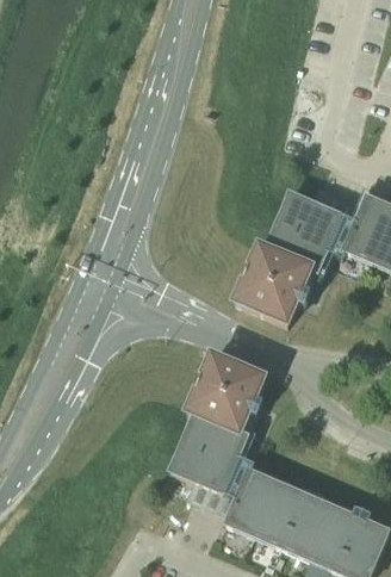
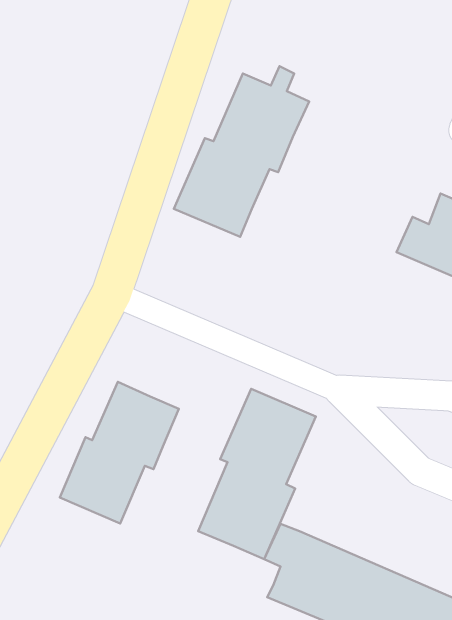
building: [234,185,343,323] -> [174,66,309,237]
building: none -> [60,382,179,523]

